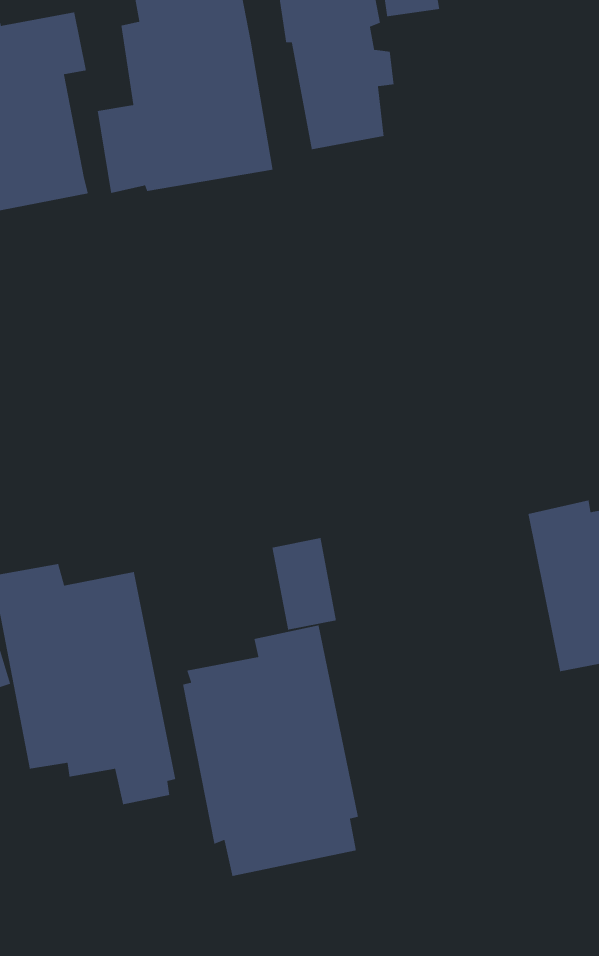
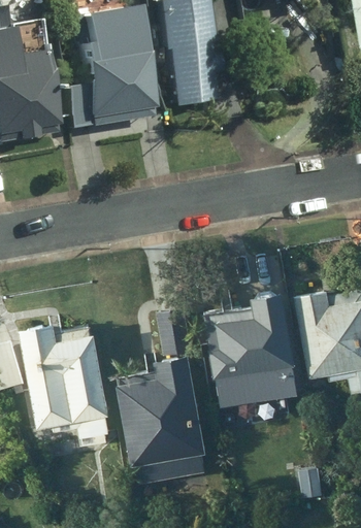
building: none -> [204,291,297,407]

